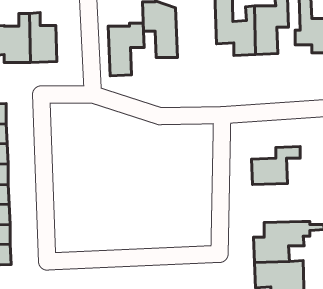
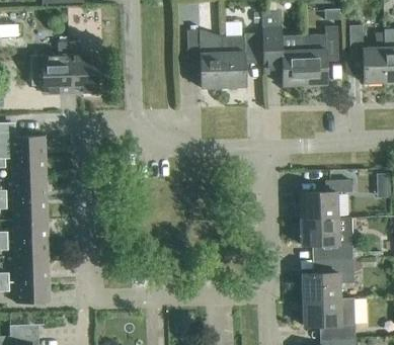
building: [108,23,144,76] -> [221,33,258,88]
building: none -> [301,218,352,259]

